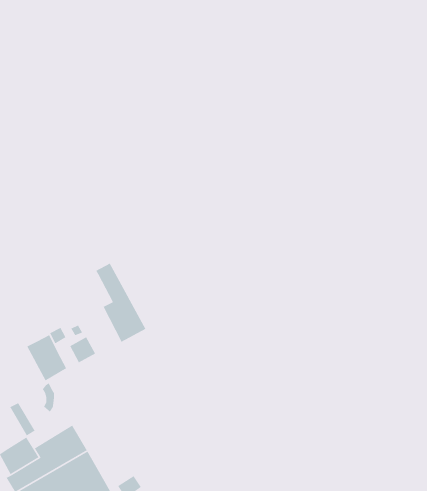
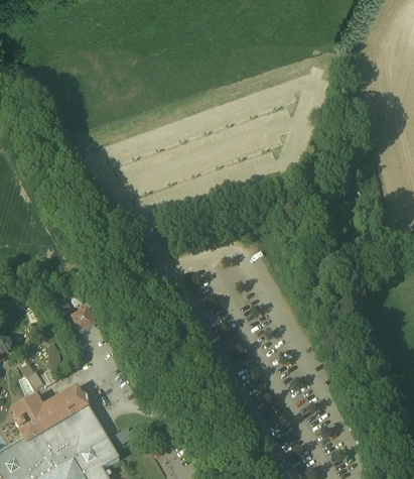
building: [95,263,147,343] -> none
building: [26,334,67,382] -> none

